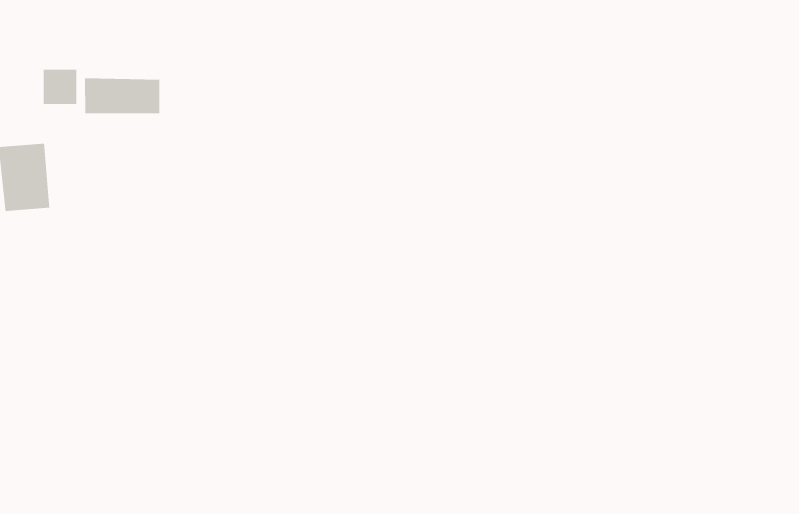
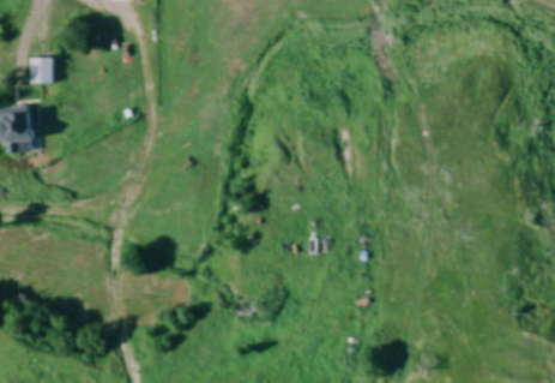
building: [84,78,160,114] -> none

